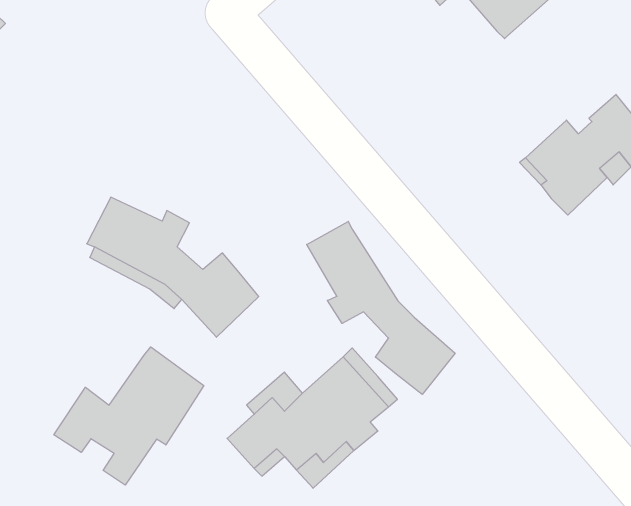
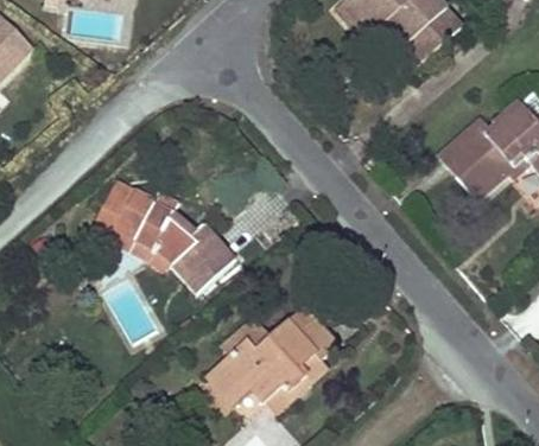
building: [307,221,455,394] -> none
building: [54,347,204,485] -> none

